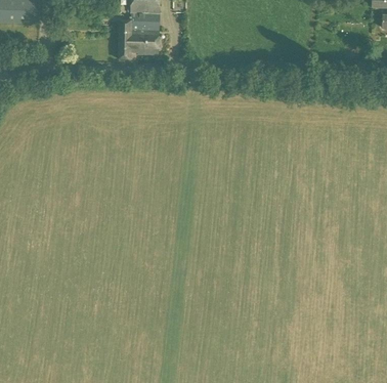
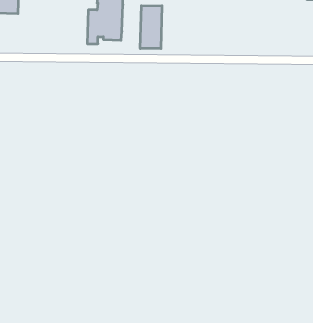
building: none -> [140,6,162,49]

